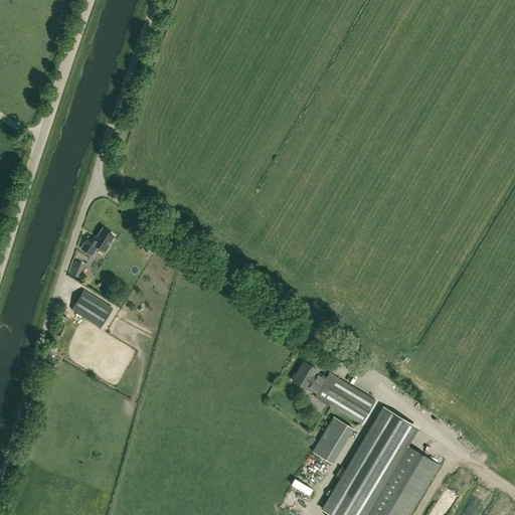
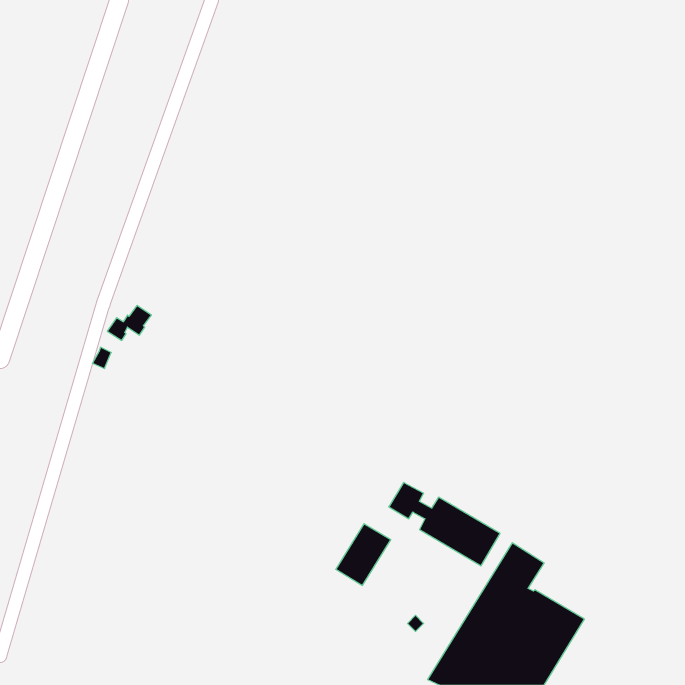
building: [72,291,113,326] -> none
building: [316,415,357,462] -> [336,524,391,585]

